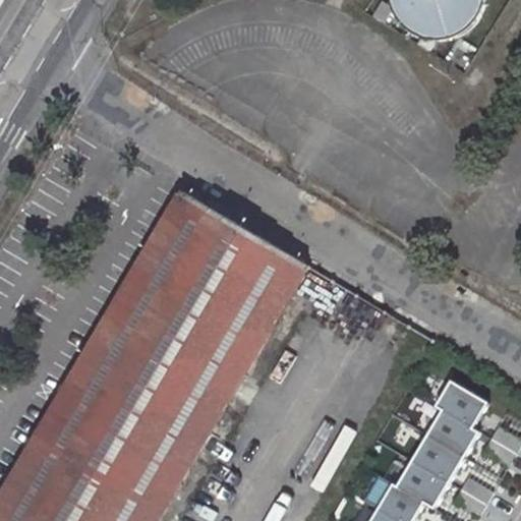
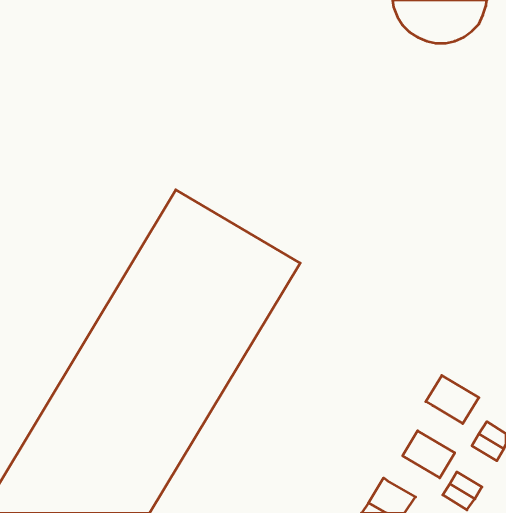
building: [423,411,476,459] -> none
building: [393,462,446,510] -> none

